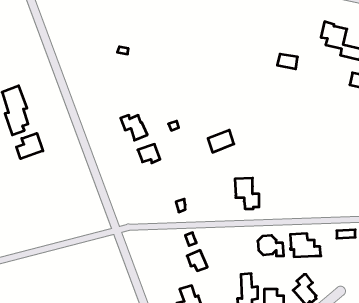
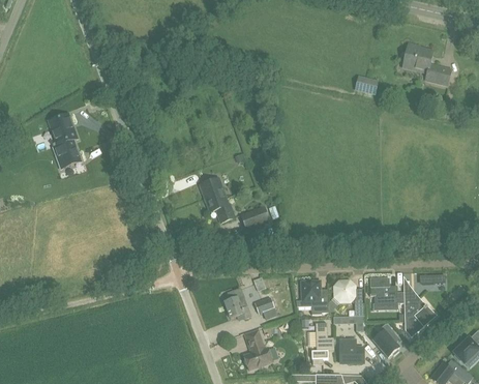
building: [121,115,147,140] -> [205,195,235,223]
building: [208,130,234,152] -> [240,205,269,230]
building: [16,133,43,159] -> none
building: [235,178,259,209] -> [300,279,327,314]
building: none -> [224,287,250,319]
building: none -> [402,289,431,336]

